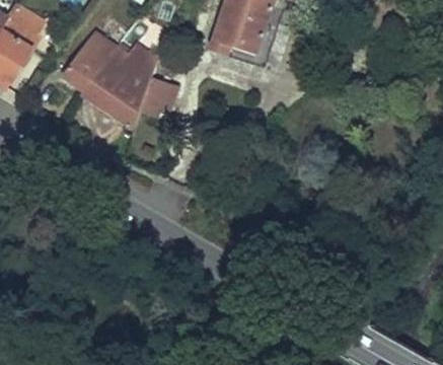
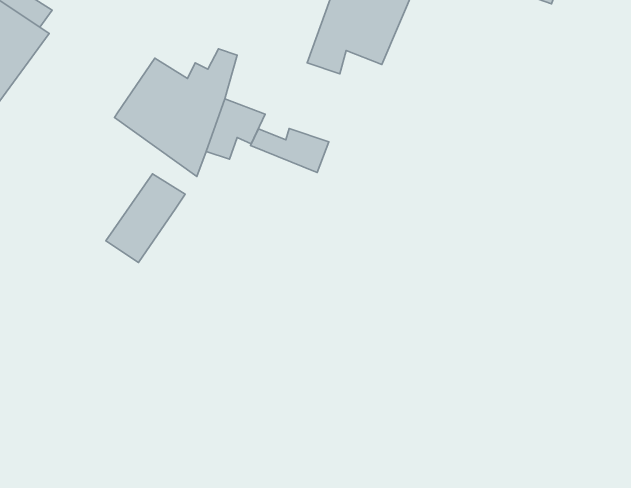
building: [61,29,113,87] -> [106,174,185,263]
building: none -> [250,129,329,173]

